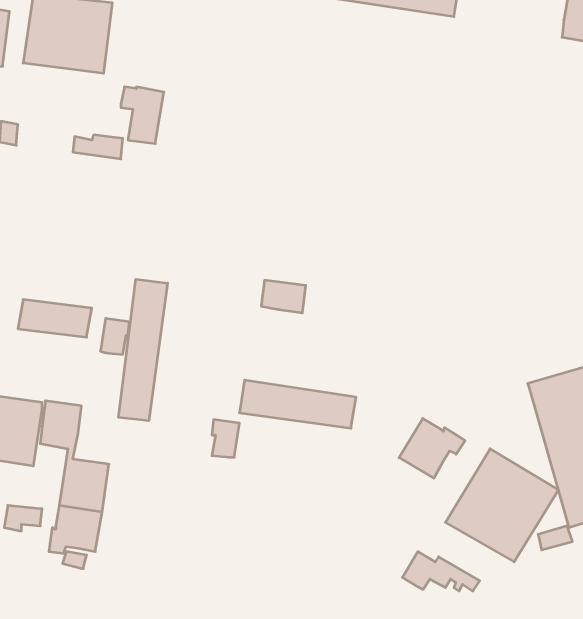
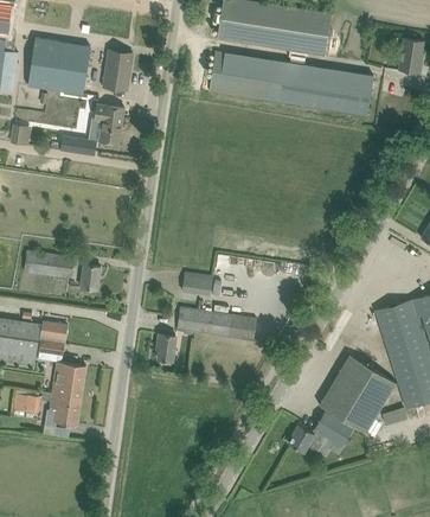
building: none -> [103,50,133,90]
building: none -> [210,51,373,116]
building: [119,279,168,421] -> none
building: [261,280,306,313] -> [182,273,213,295]
building: [399,418,465,478] -> none
building: none -> [314,411,353,446]

